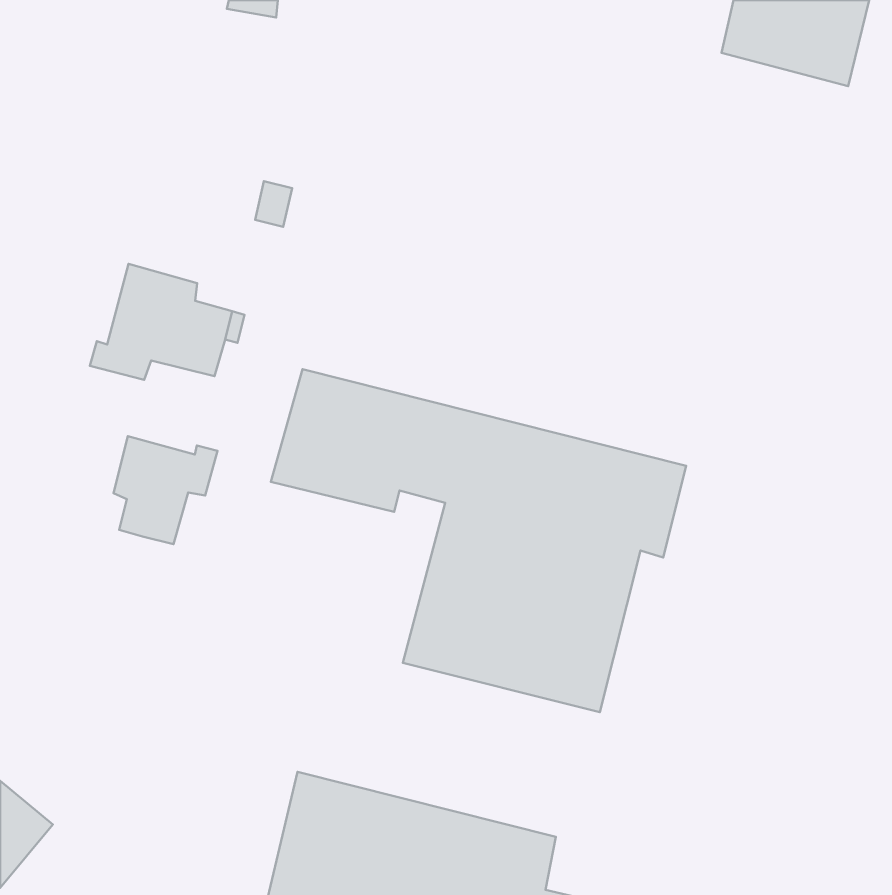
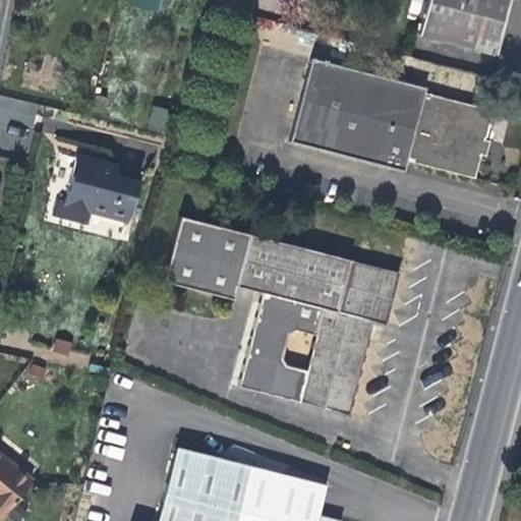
building: none -> [291,59,494,178]
building: [113,436,217,544] -> none

